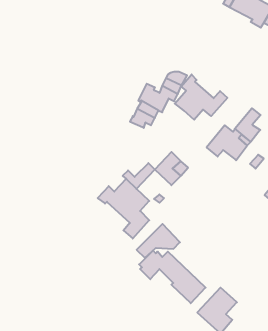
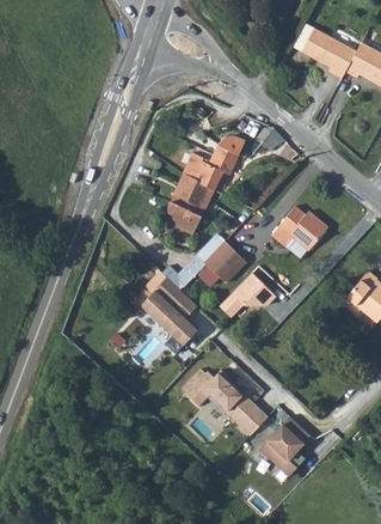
building: [175,74,227,120] -> none
building: [235,108,261,142] -> none
building: none -> [170,201,204,234]
building: [137,224,180,258] -> [220,272,276,316]

